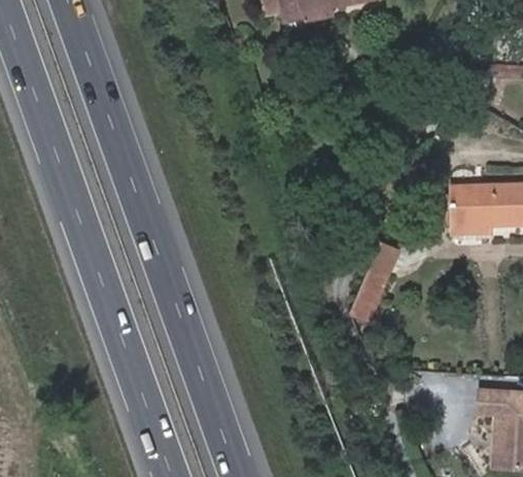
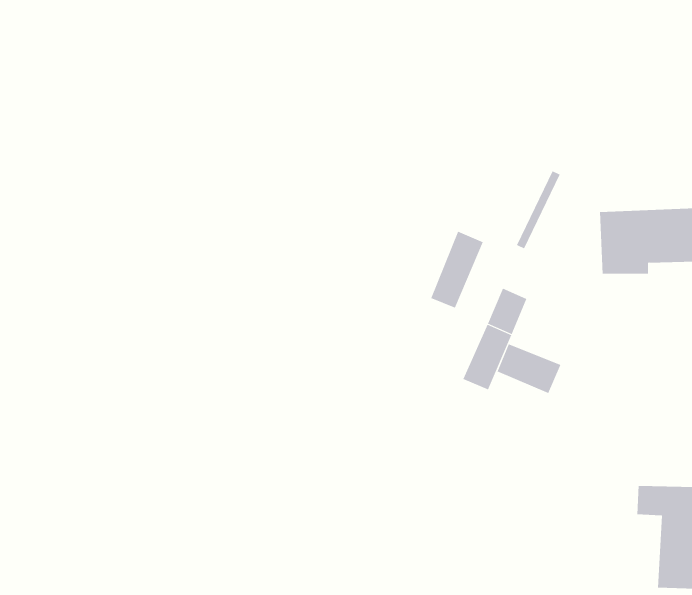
building: none -> [431,231,483,308]
building: none -> [497,344,561,394]

